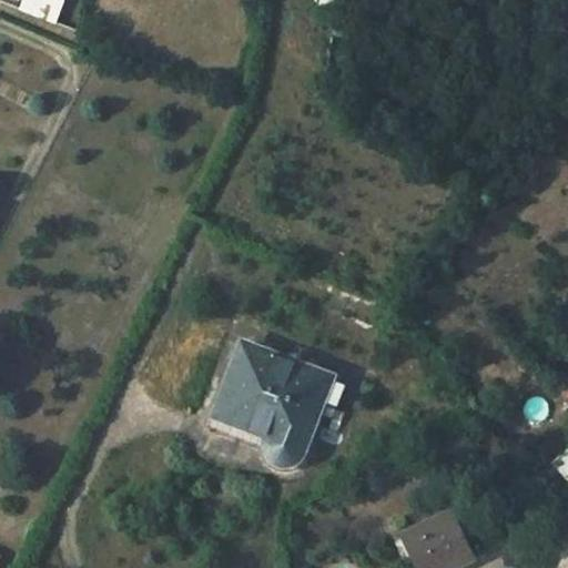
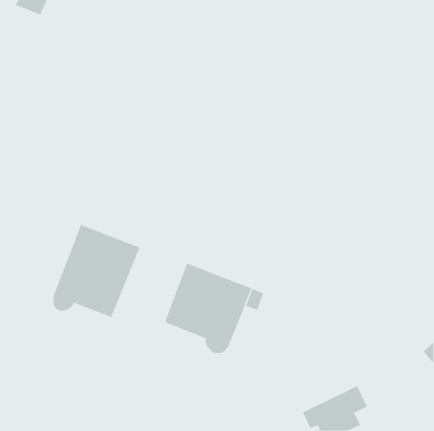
building: none -> [53,224,140,318]

